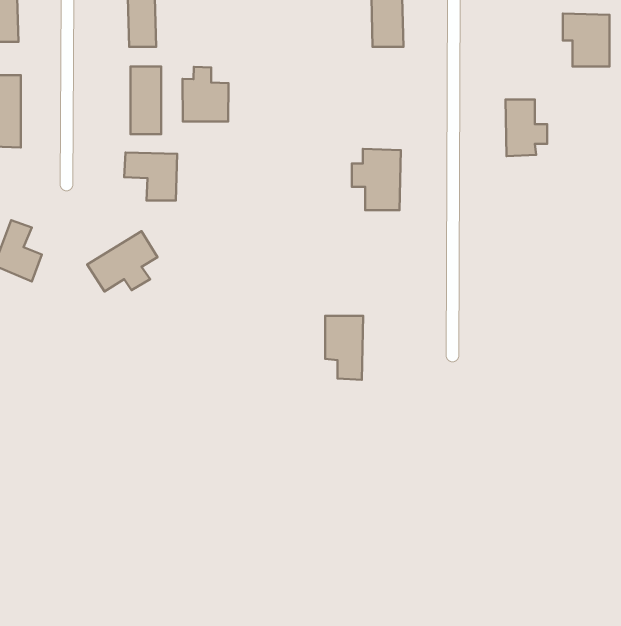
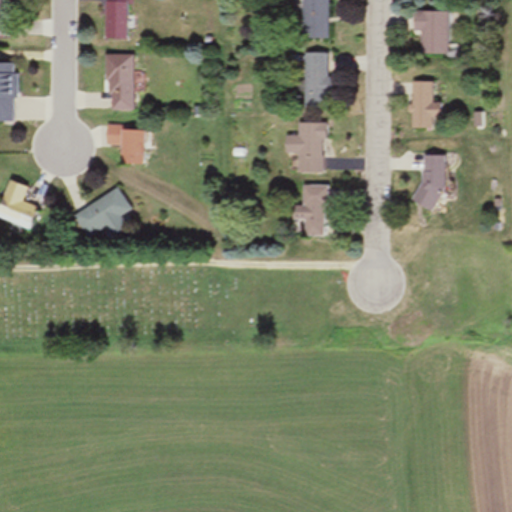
building: [563,14,610,66] -> [413,9,451,52]
building: none -> [302,52,329,106]
building: [182,67,229,121] -> none
building: none -> [422,154,446,204]
building: [325,316,363,380] -> [298,184,329,236]

